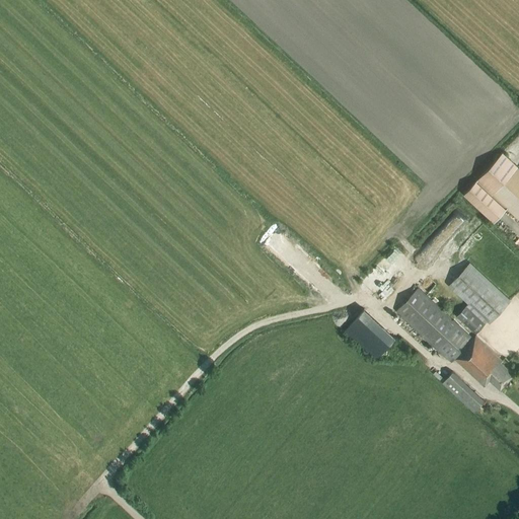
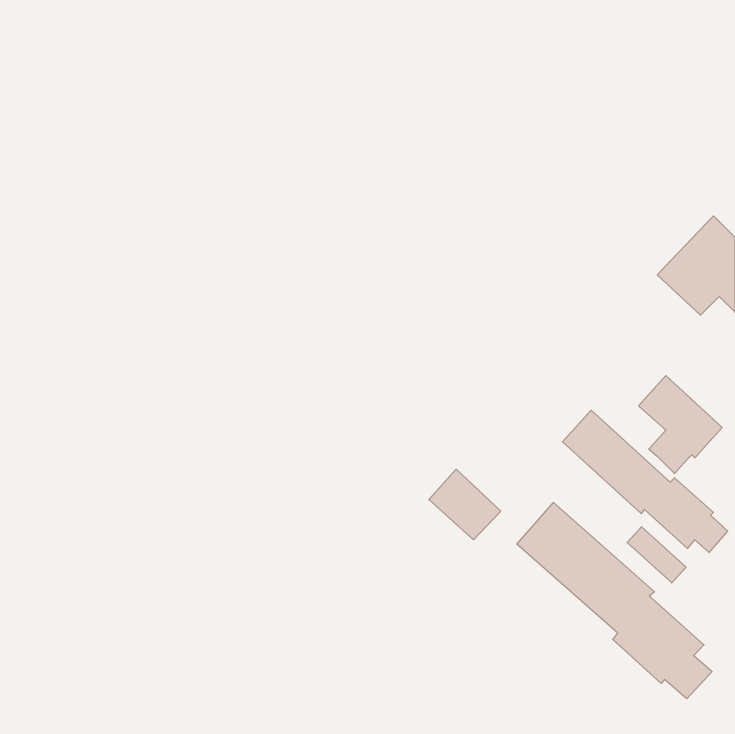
building: [345,309,395,359] -> [429,469,501,540]
building: none -> [517,502,712,699]

